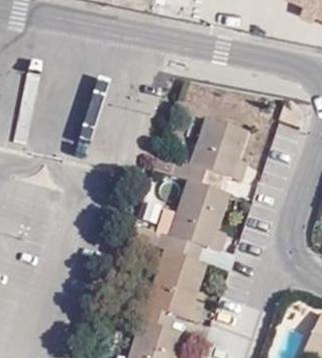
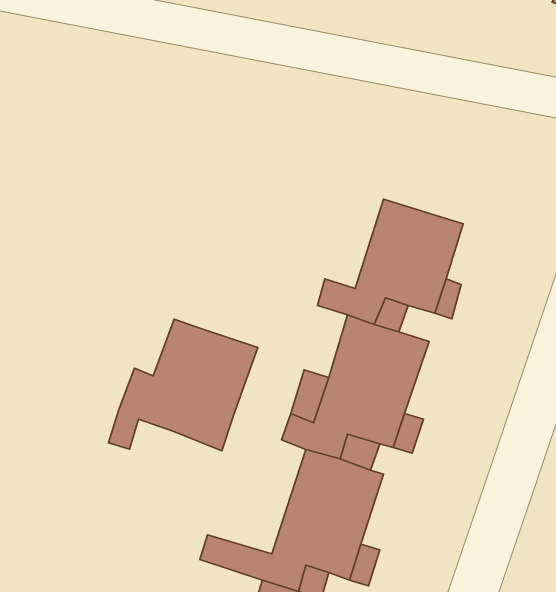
building: none -> [108,319,258,451]

